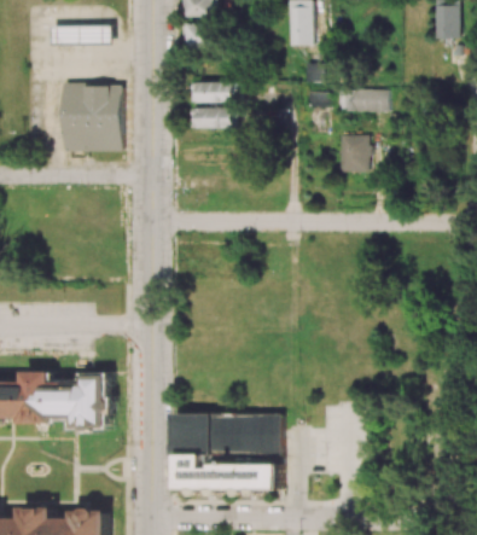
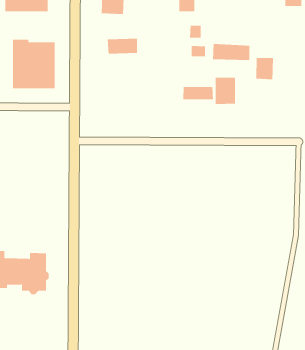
building: [192,107,234,129] -> none
building: none -> [256,57,273,80]
building: none -> [183,86,213,100]
building: [173,413,281,489] -> none

